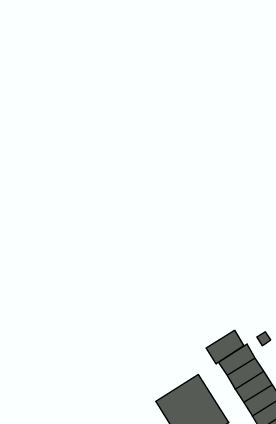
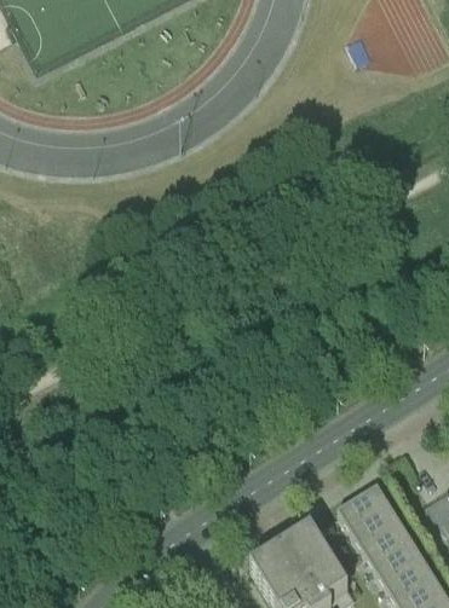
building: [206,330,244,364] -> none

